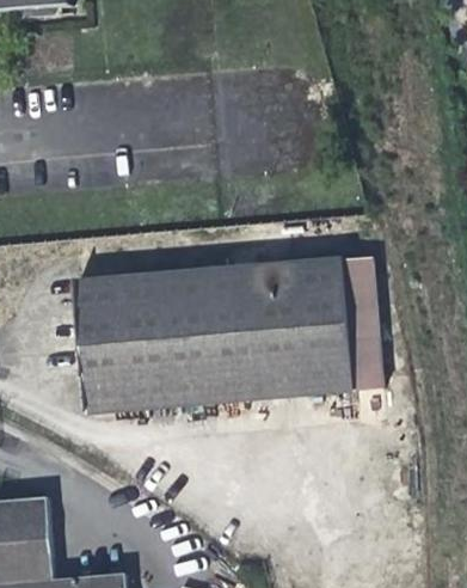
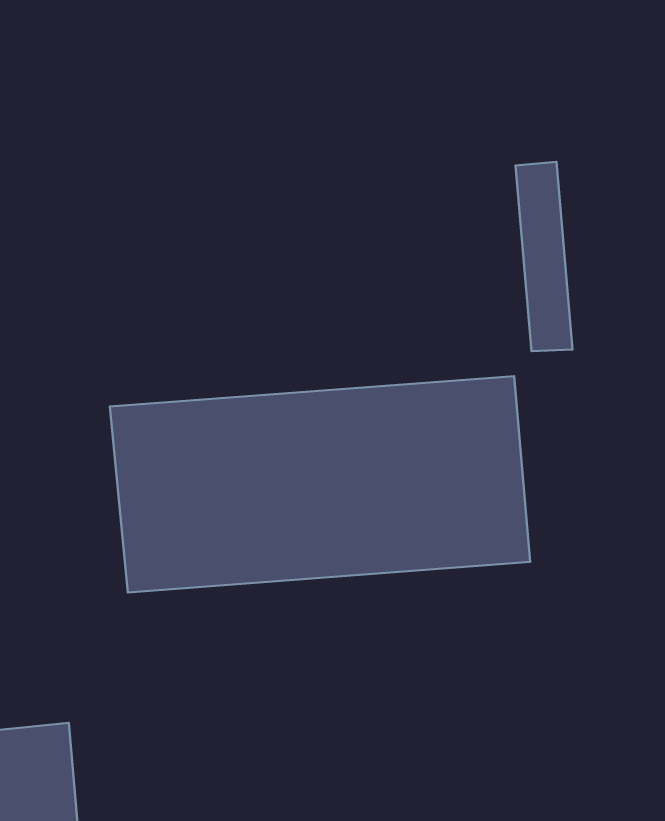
building: [344,262,382,388] -> [515,162,573,351]

